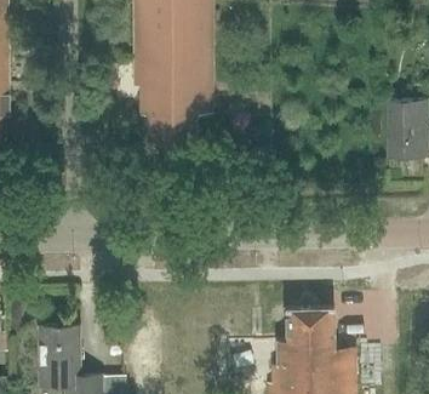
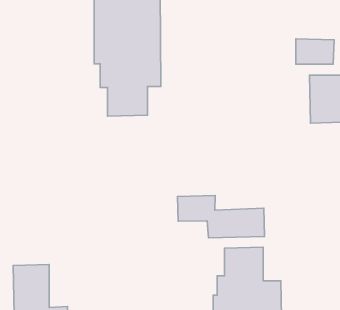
building: none -> [296,39,334,64]
building: none -> [178,196,265,238]

